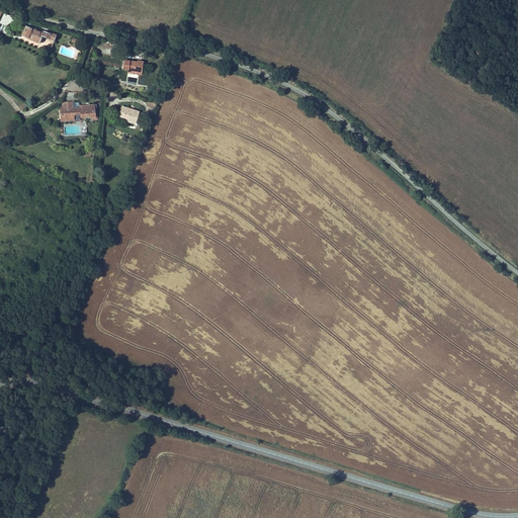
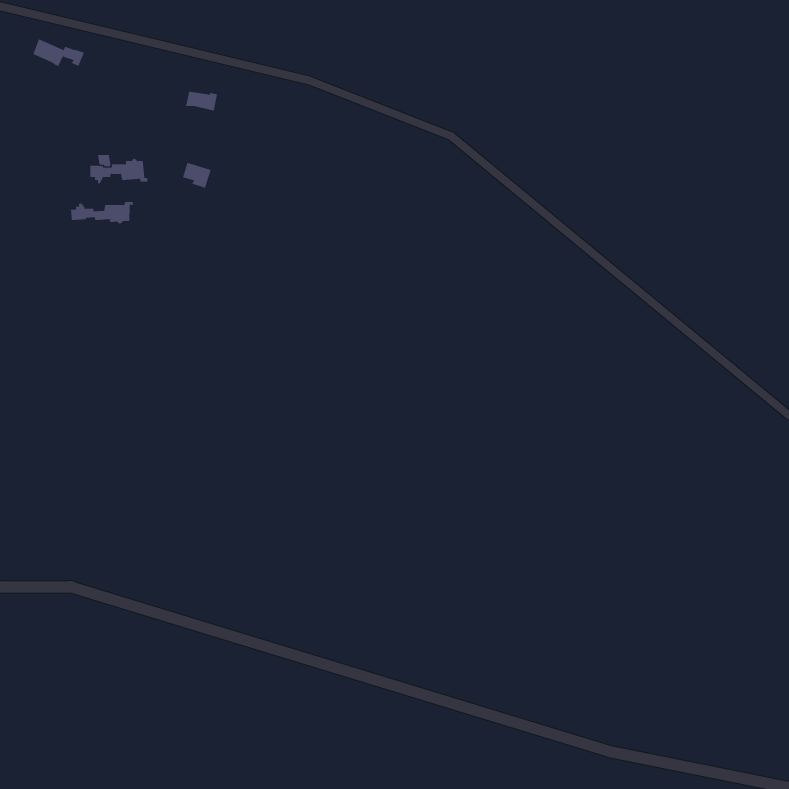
building: none -> [71,201,134,225]

